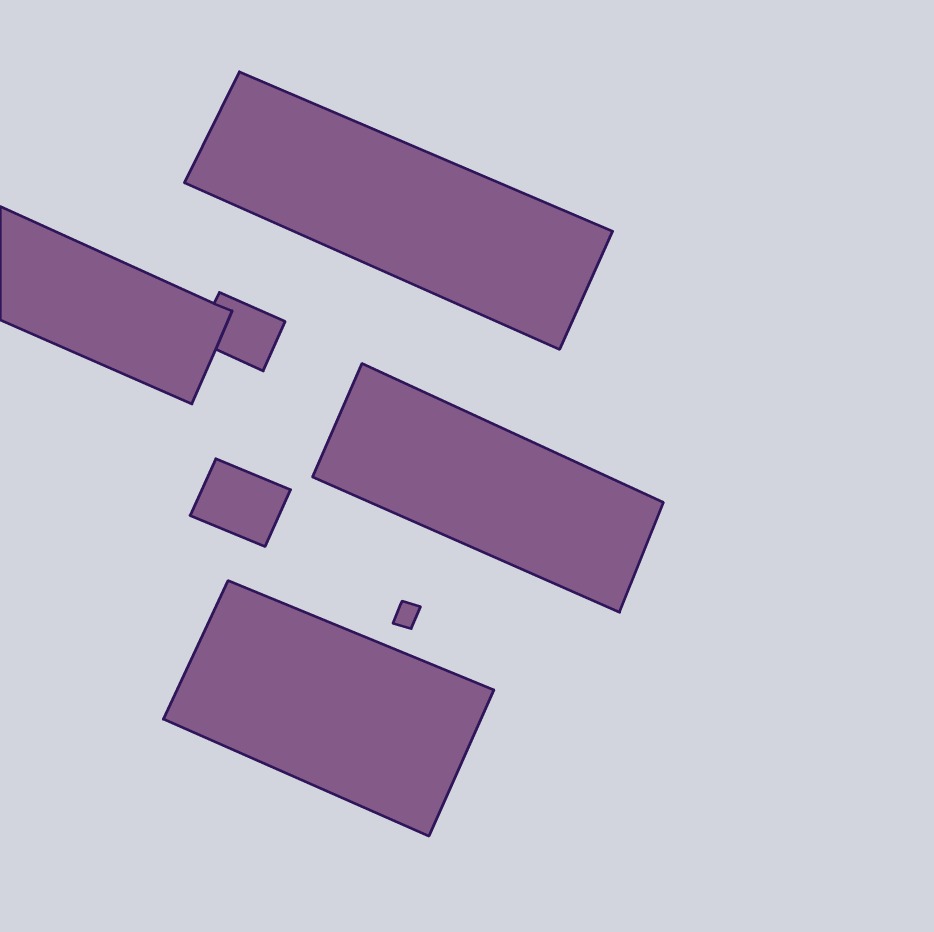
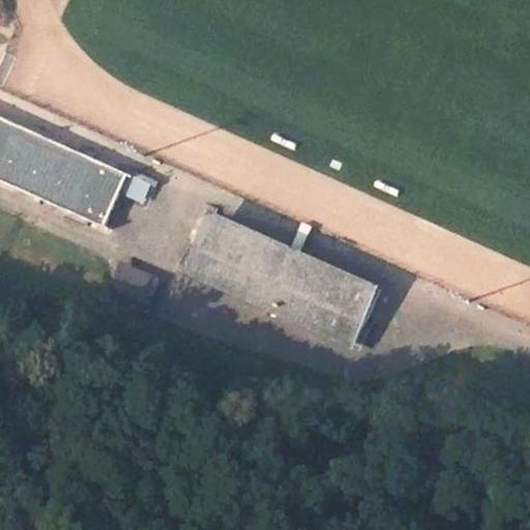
building: [185,72,613,349] -> none
building: [163,581,494,836] -> none

